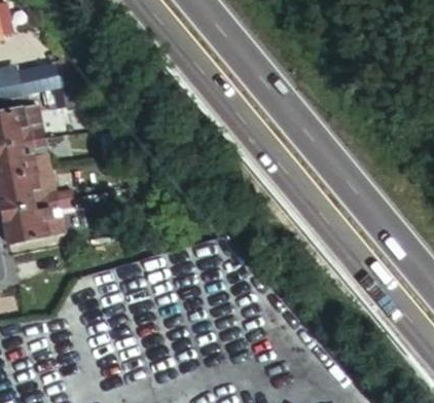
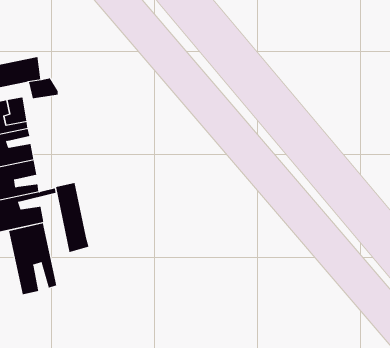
building: none -> [56,182,89,253]
building: none -> [9,222,57,295]

